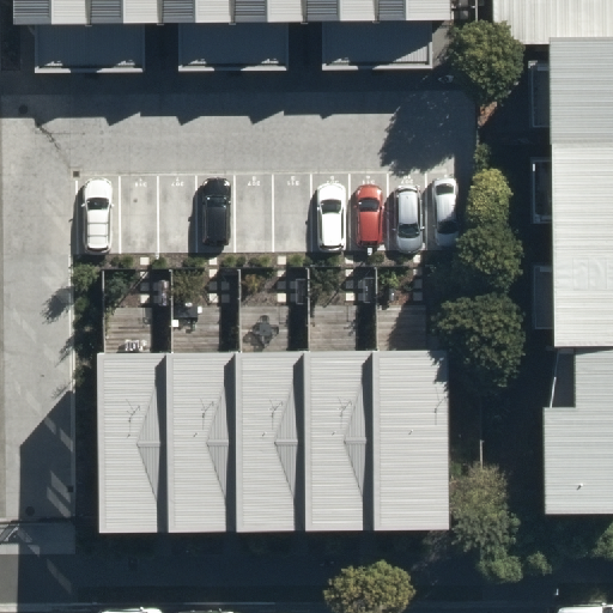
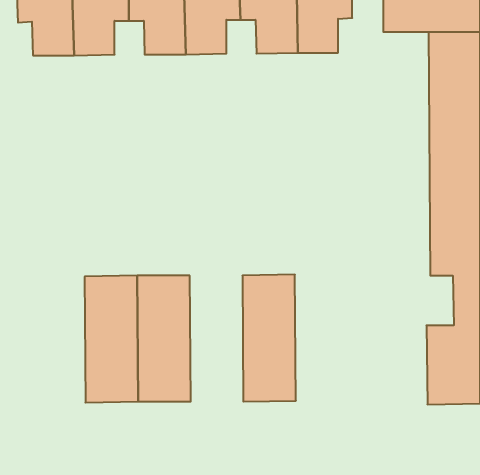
building: [376,350,445,510] -> none
building: [242,351,310,511] -> none

